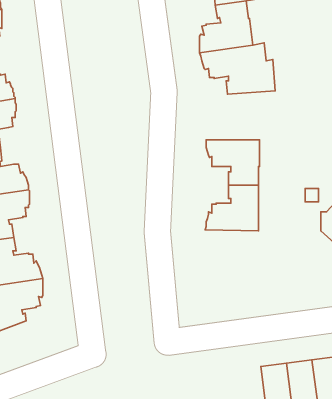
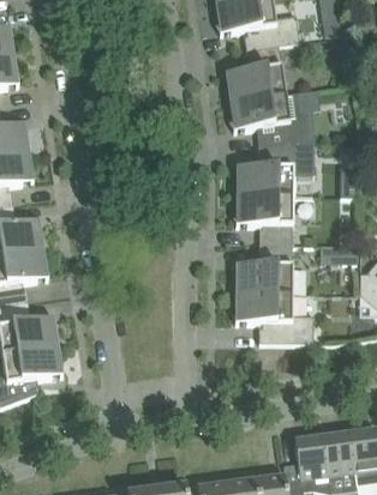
building: none -> [237,140,315,193]
building: none -> [235,290,313,340]

